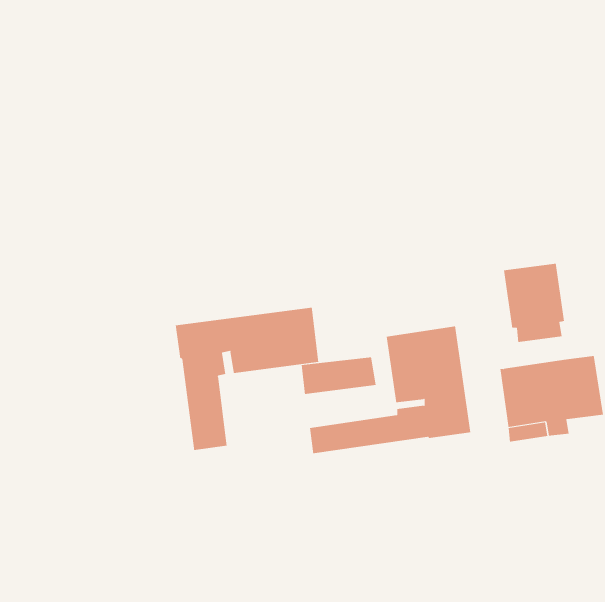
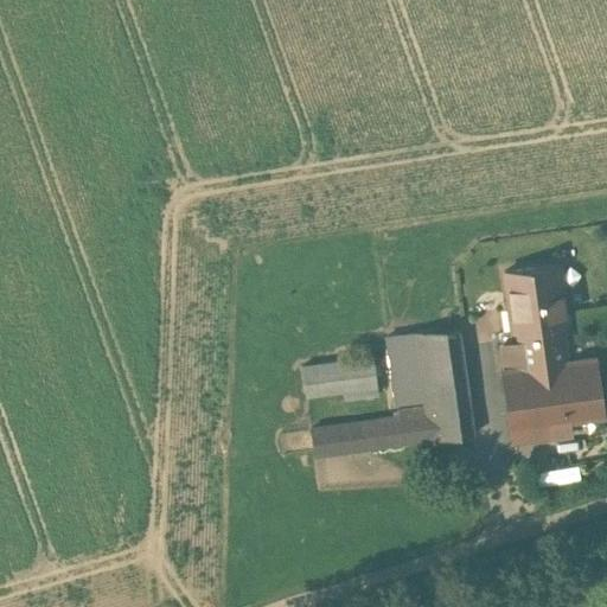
building: [175,307,319,451] -> none
building: none -> [501,340,567,372]

